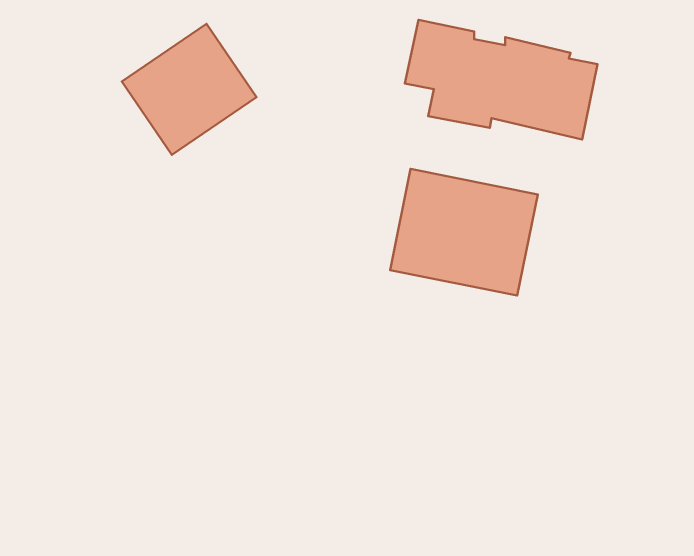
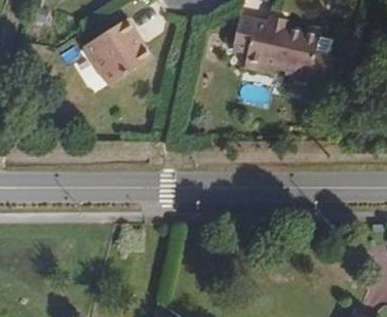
building: [390,169,538,296] -> none

